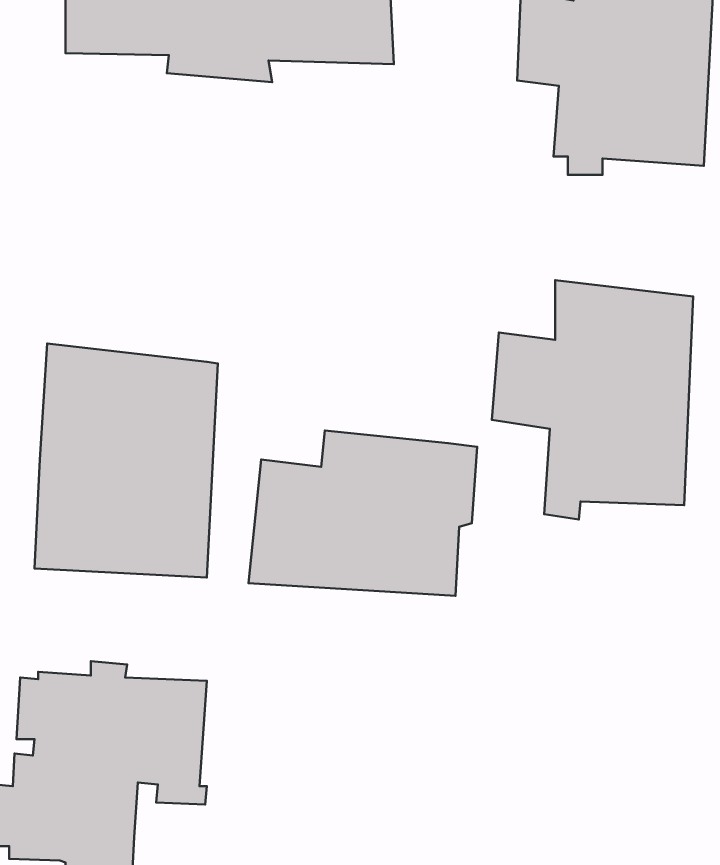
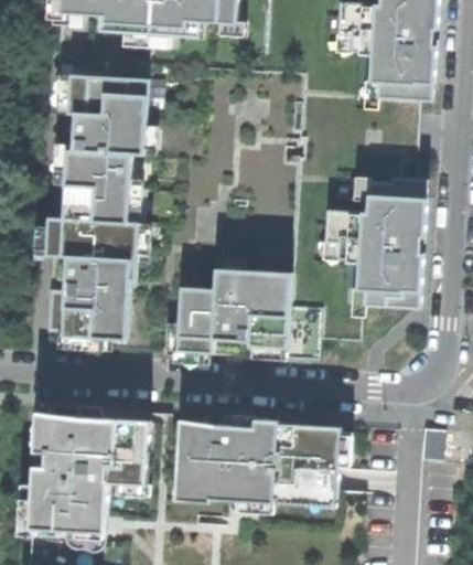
building: none -> [50,61,170,223]
building: none -> [169,414,347,510]

